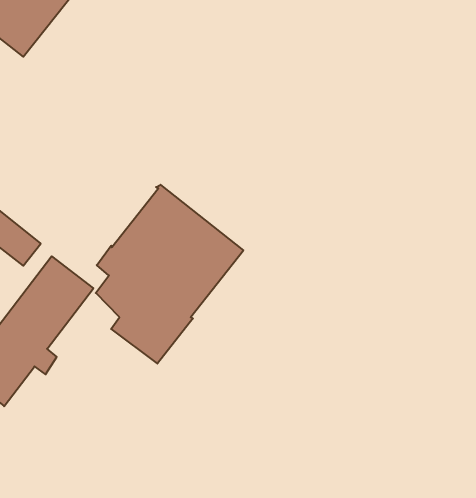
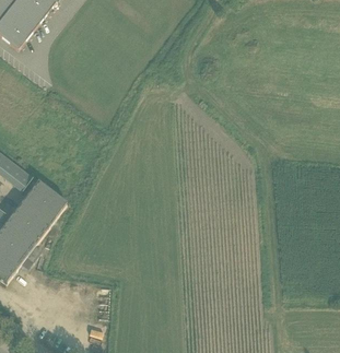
building: [96,185,243,364] -> none

